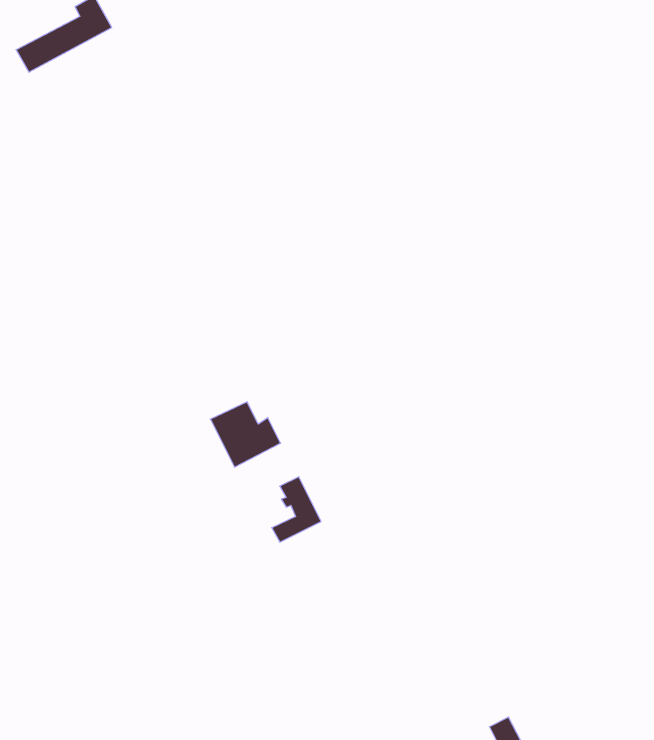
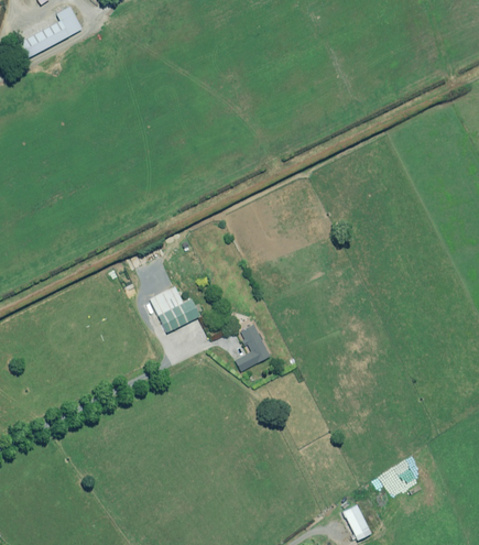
building: [272,477,321,542] -> [236,325,270,370]

